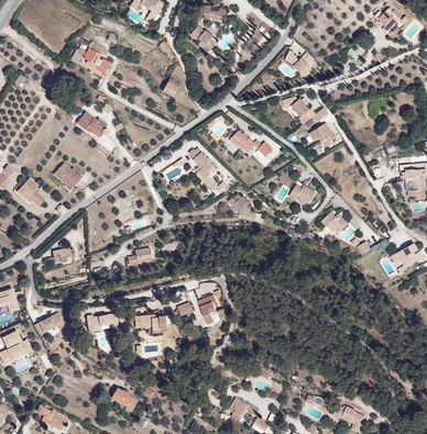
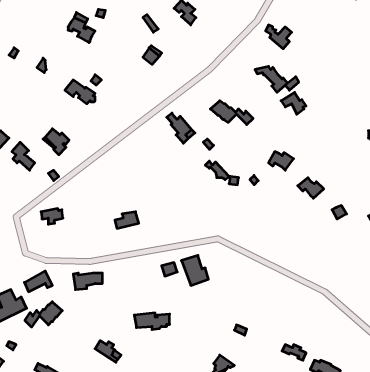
building: [130,315,167,333] -> [134,313,170,330]
building: none -> [25,302,62,327]

